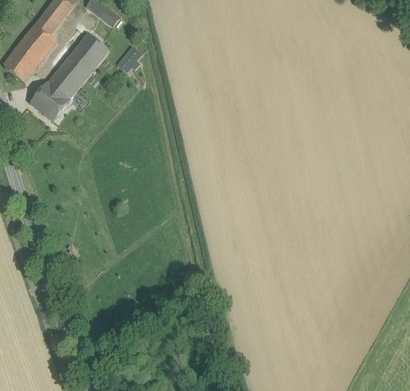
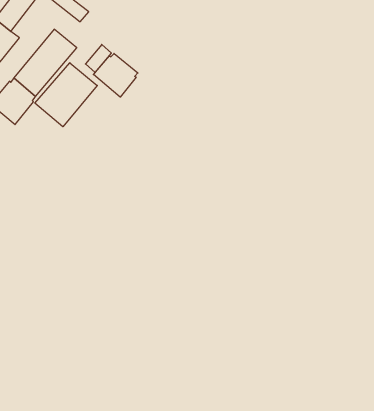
building: none -> [93,53,138,97]
building: none -> [35,63,97,127]

